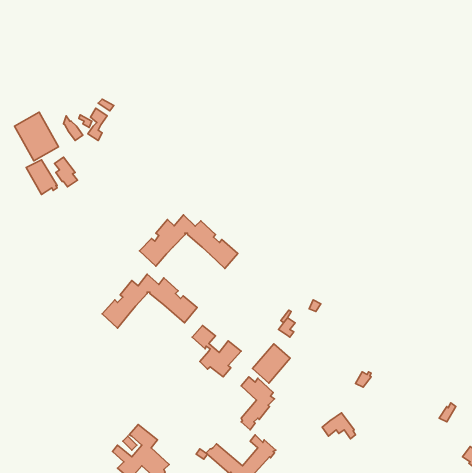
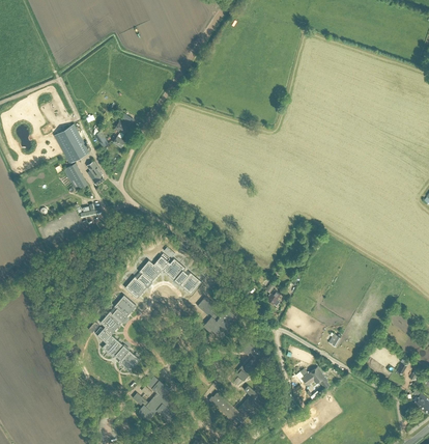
building: [140,215,238,269] -> none
building: none -> [97,295,140,371]
building: [253,344,290,383] -> none

